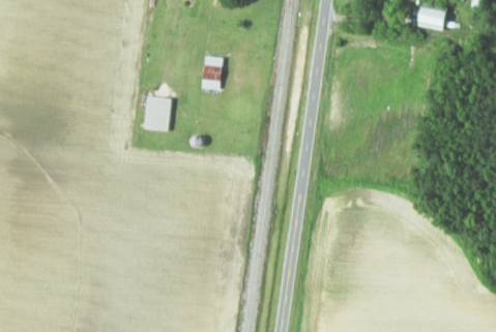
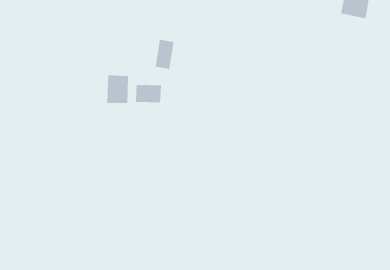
building: none -> [136,84,162,103]

